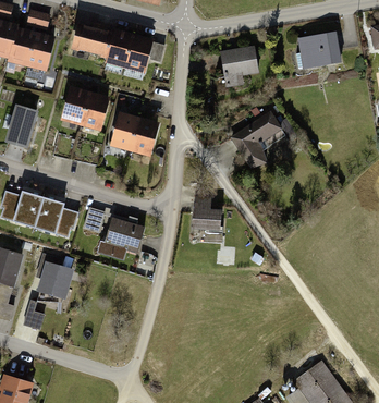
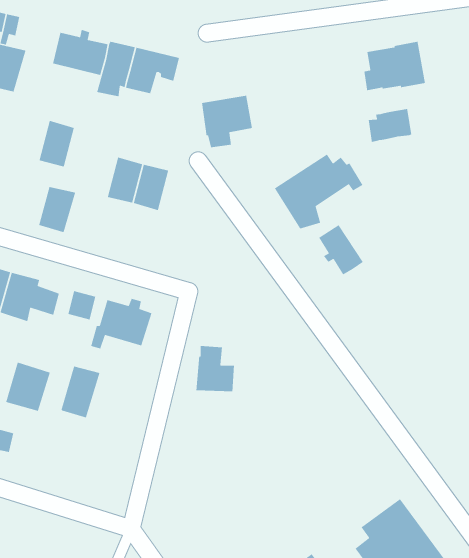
building: [221,47,258,85] -> [201,95,253,148]
building: none -> [368,108,412,143]
building: [82,94,109,127] -> [38,186,76,233]
building: none -> [318,224,364,275]
building: [193,195,221,229] -> [195,345,235,392]
building: none -> [61,365,100,419]

